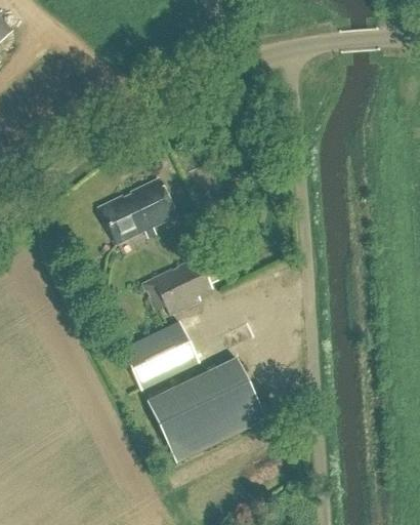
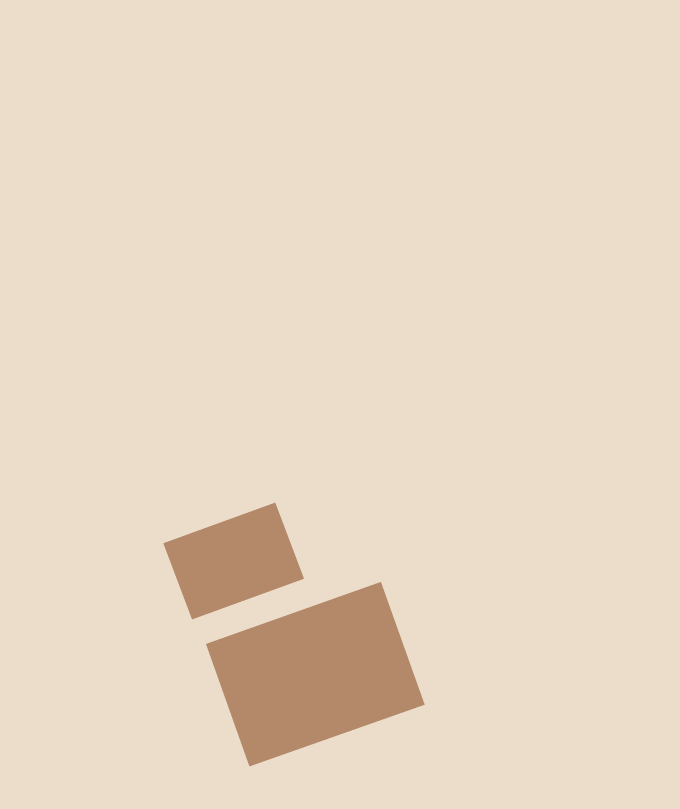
building: [99,177,174,242] -> none
building: [135,253,211,316] -> none

